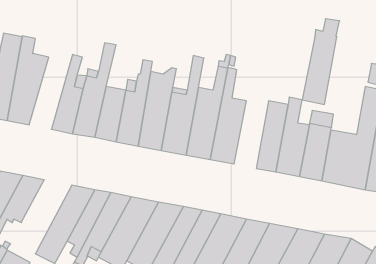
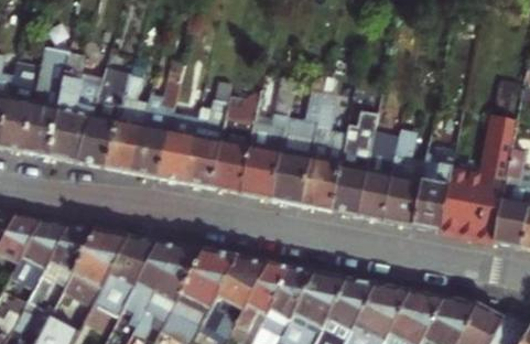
building: [302,19,340,104] -> [333,109,379,215]
building: none -> [78,67,132,166]
building: none -> [64,229,131,307]

